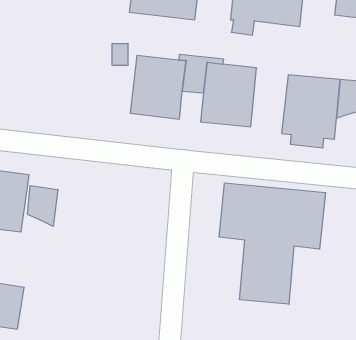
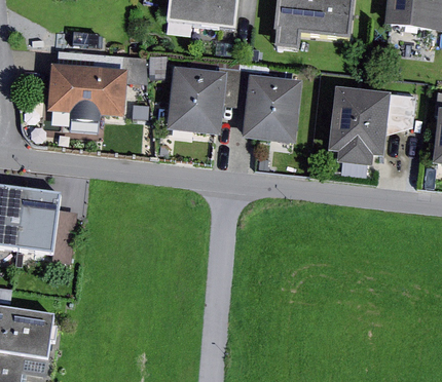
building: none -> [47,49,145,120]
building: [219,183,325,304] -> none
building: [27,186,58,226] -> none

